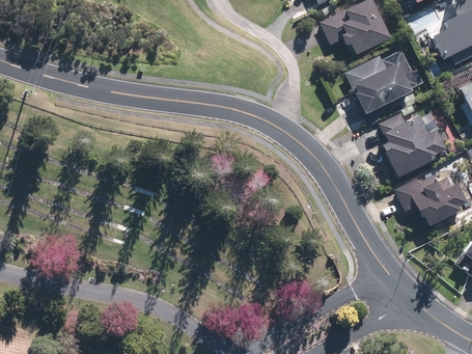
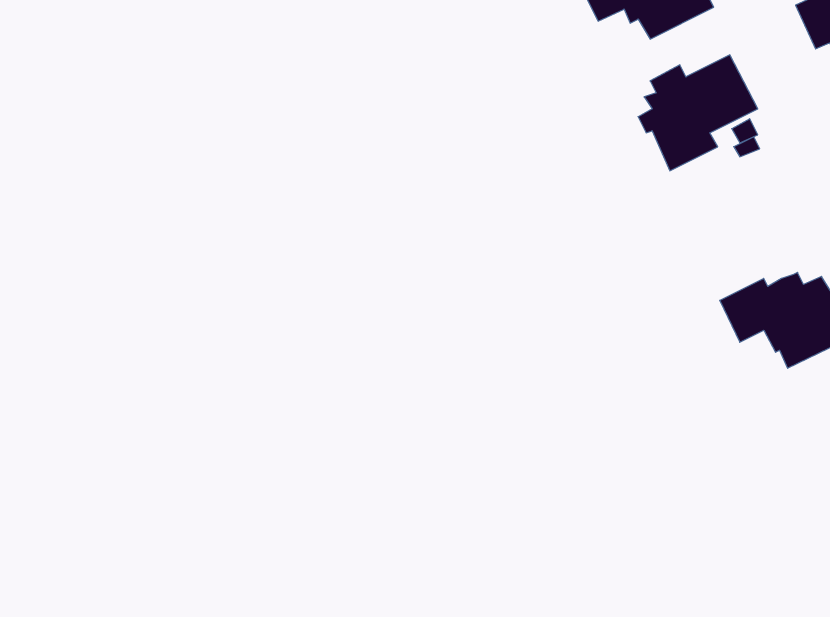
building: [378,111,446,176] -> none

